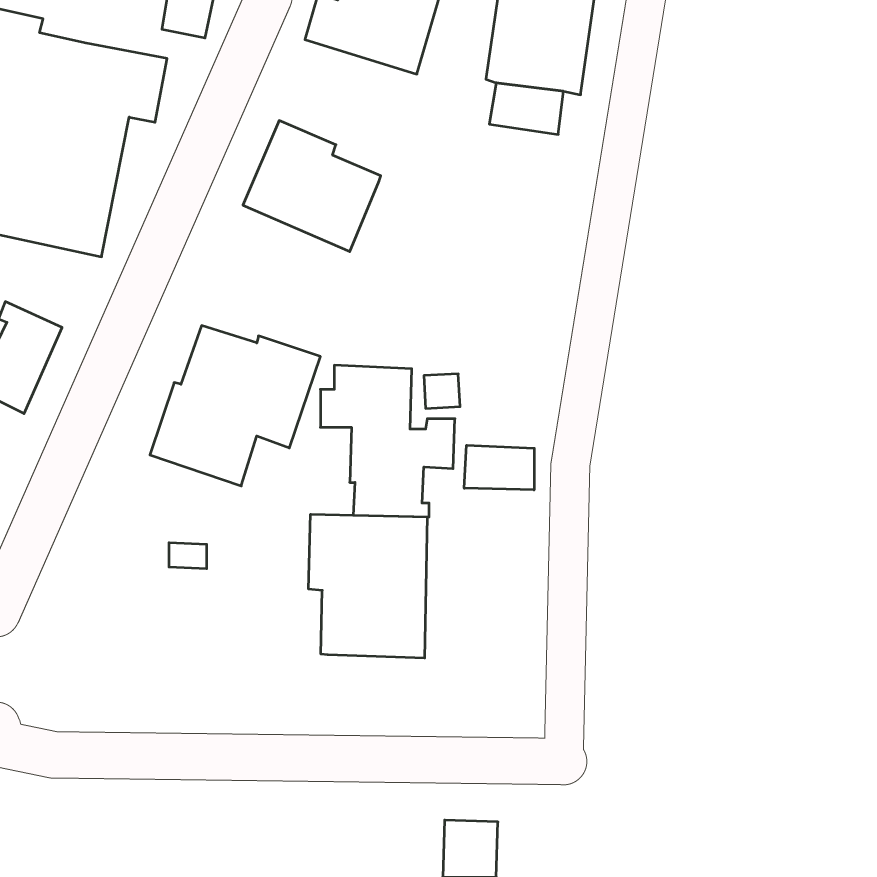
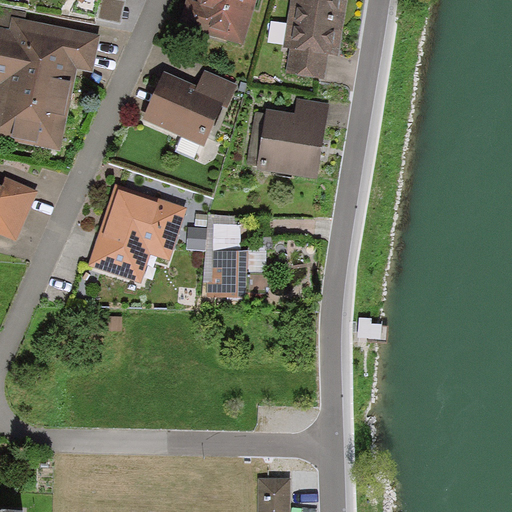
building: none -> [193,68,236,107]
building: none -> [255,96,328,178]
building: [464,445,534,490] -> none
building: [309,514,427,658] -> none

